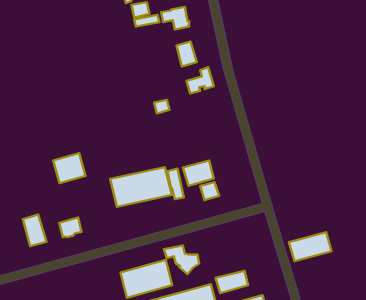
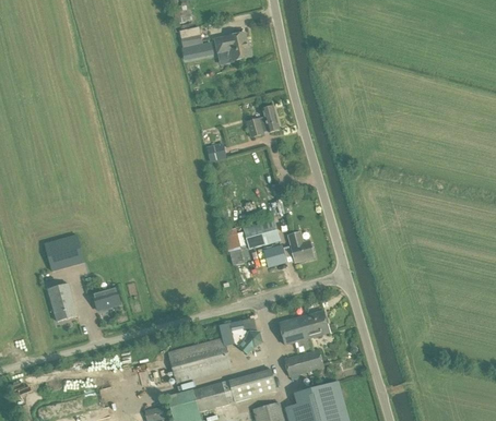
building: [176,41,197,66] -> none
building: [53,153,86,183] -> [44,234,83,270]
building: [110,167,172,207] -> none
building: none -> [287,231,312,262]
building: [289,232,331,261] -> [277,311,329,346]

